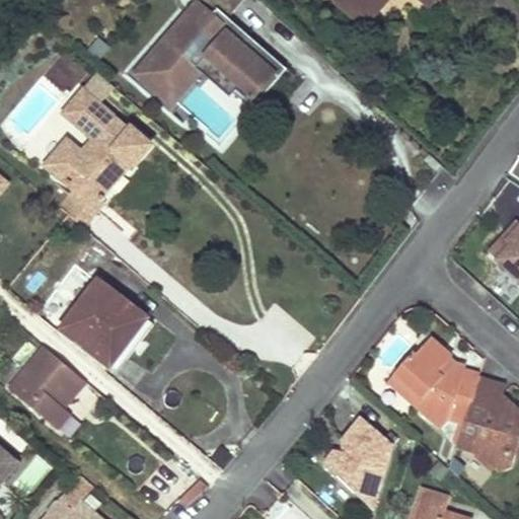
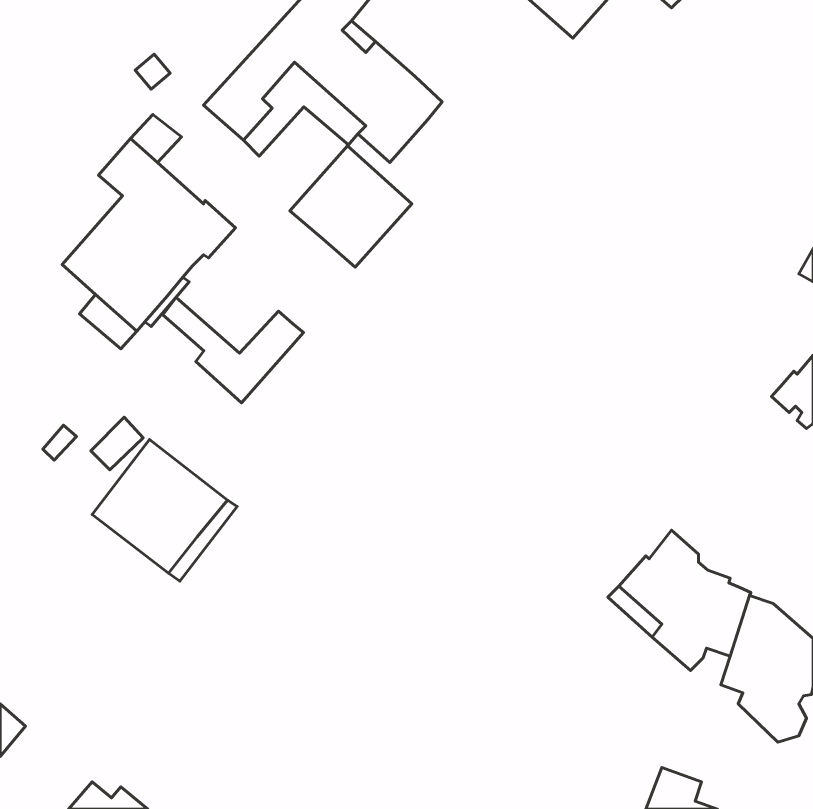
building: none -> [290,146,412,267]
building: none -> [163,297,304,403]
building: [12,348,87,428] -> none
building: [324,417,393,508] -> none

